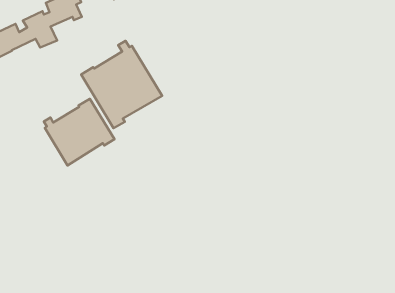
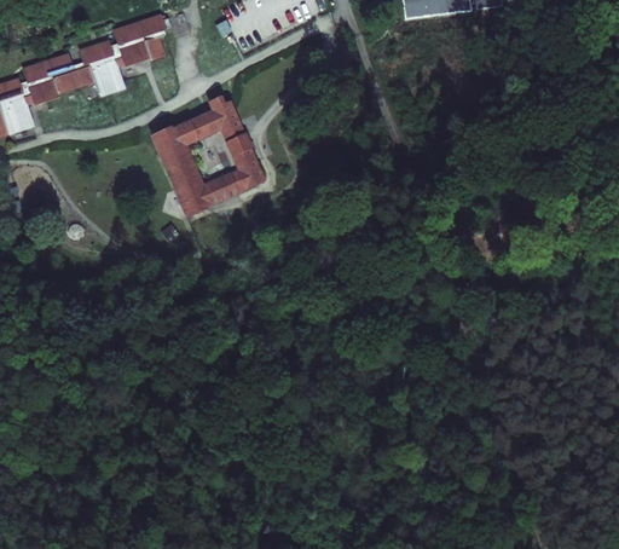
building: [44,99,114,165] -> none

